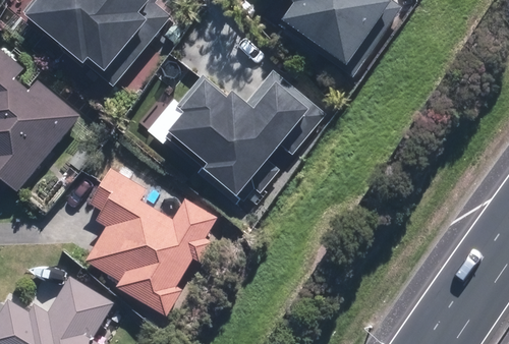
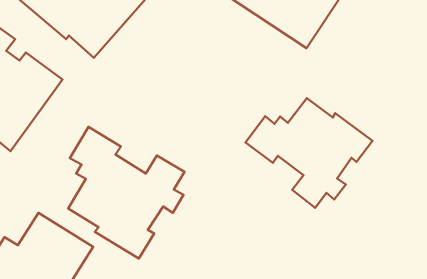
building: [166,69,323,207] -> none
building: none -> [245,98,373,208]

